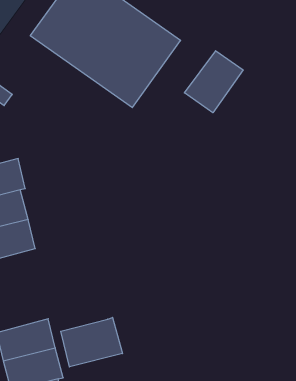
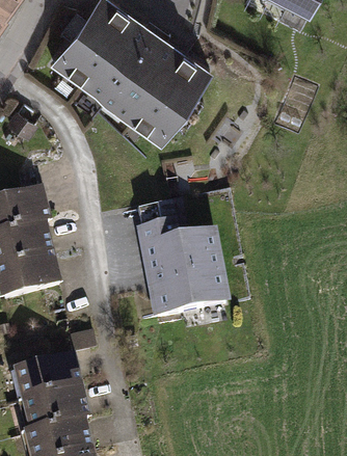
building: [184,51,243,113] -> none
building: none -> [137,209,224,320]
building: [61,317,122,367] -> none

